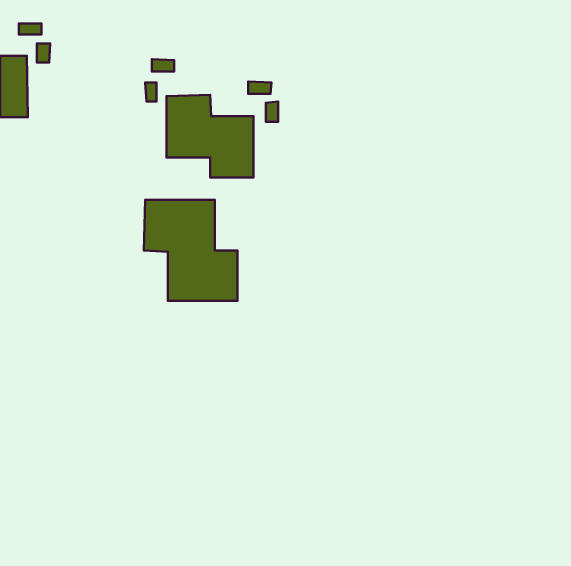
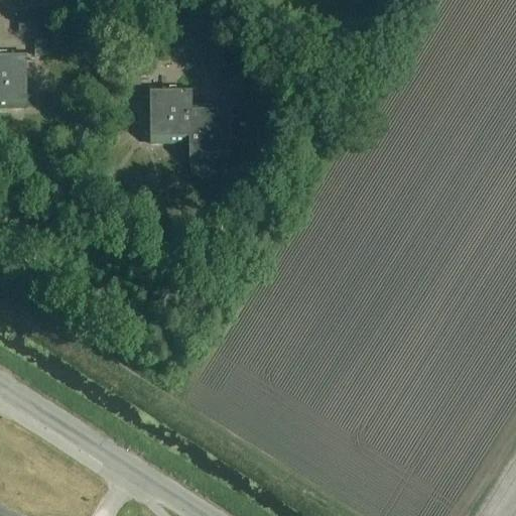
building: [144,200,238,301] -> none

